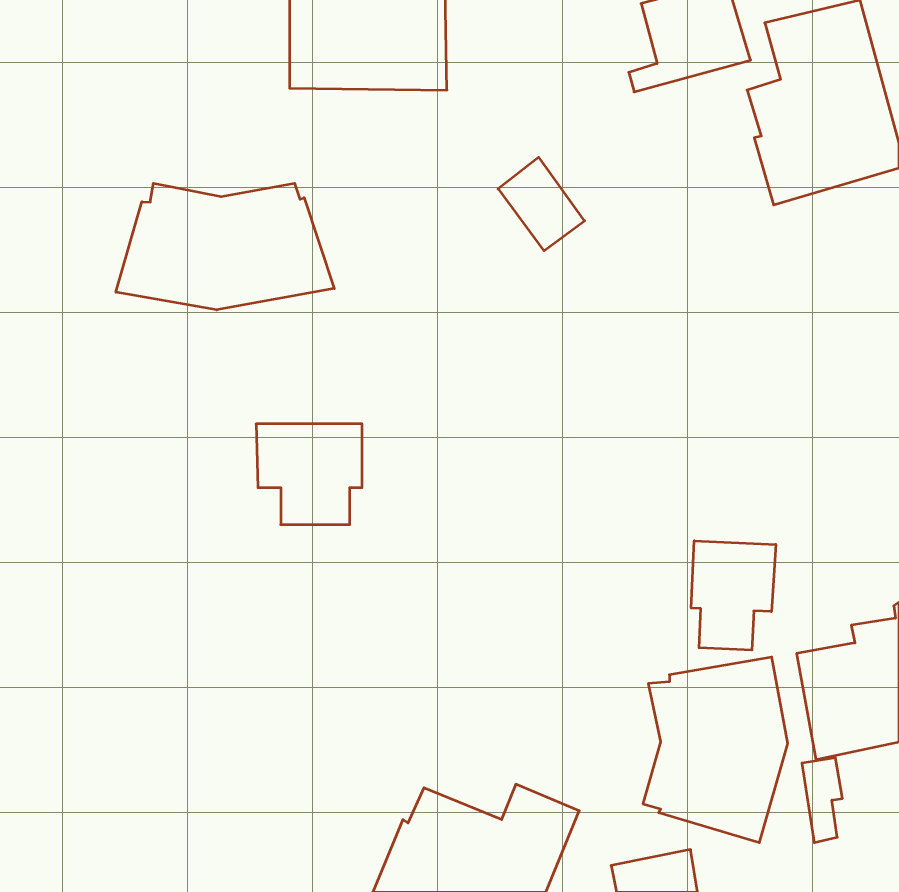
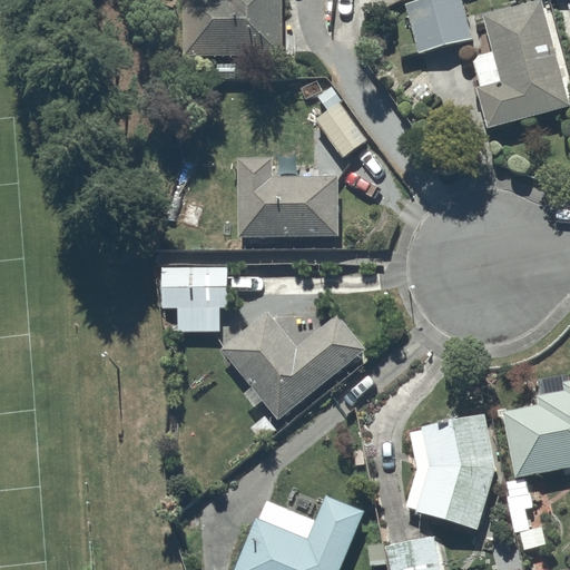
building: [116,183,334,310] -> none
building: none -> [238,153,340,237]
building: none -> [219,309,366,420]
building: [691,541,776,650] -> none

